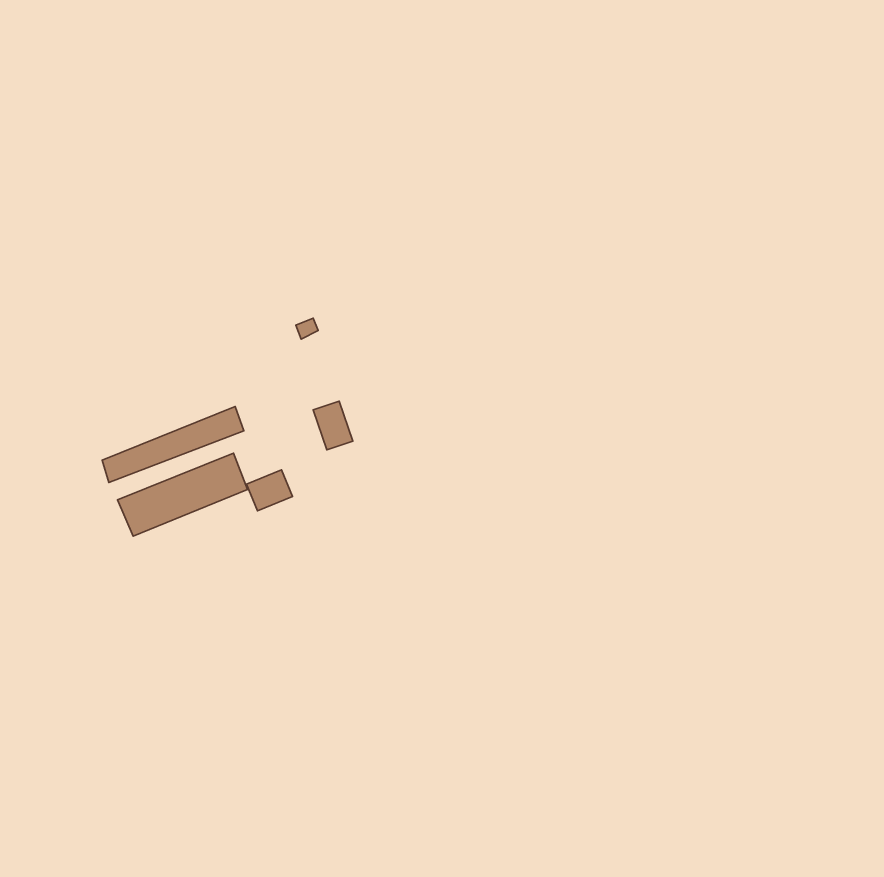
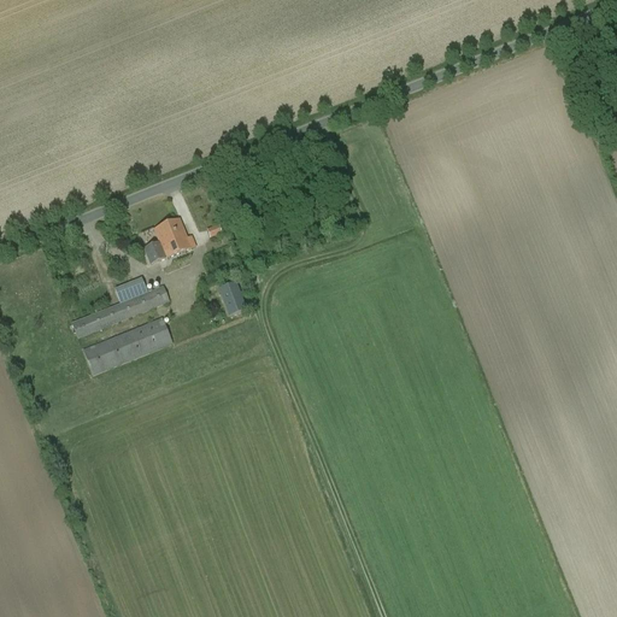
building: none -> [143,218,196,263]
building: [246,470,293,511] -> none

